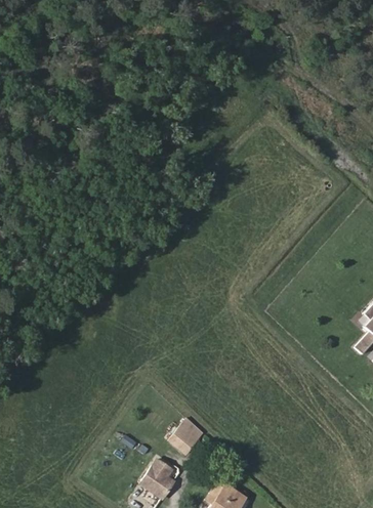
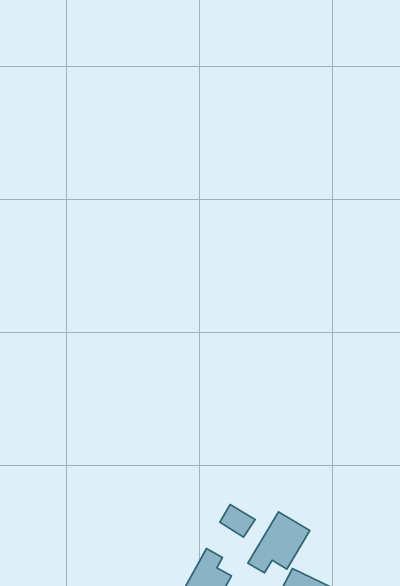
building: none -> [248,512,310,573]

